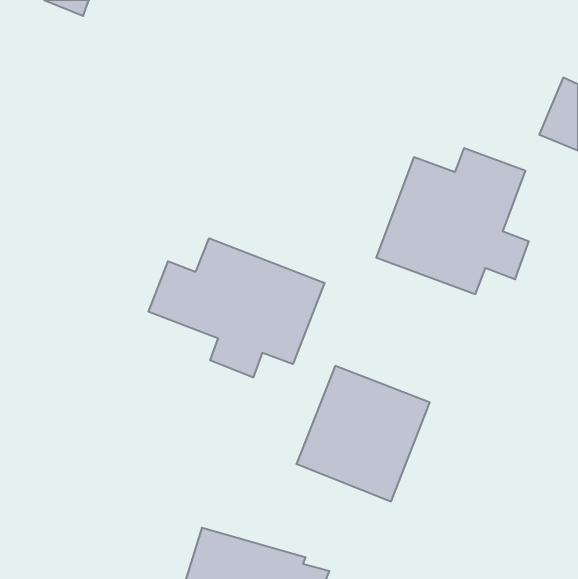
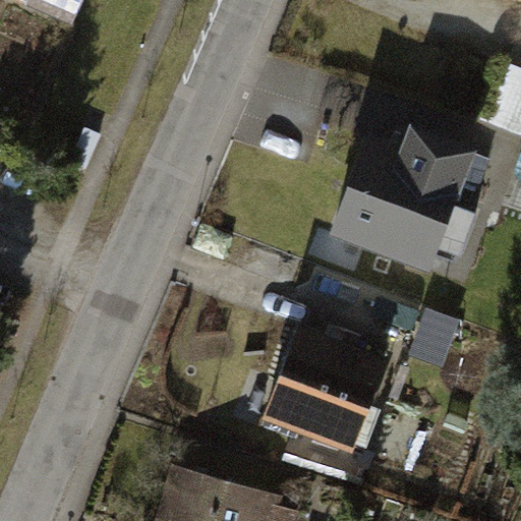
building: [149,238,325,377] -> none

